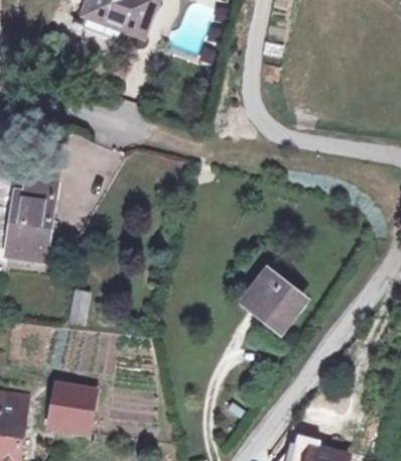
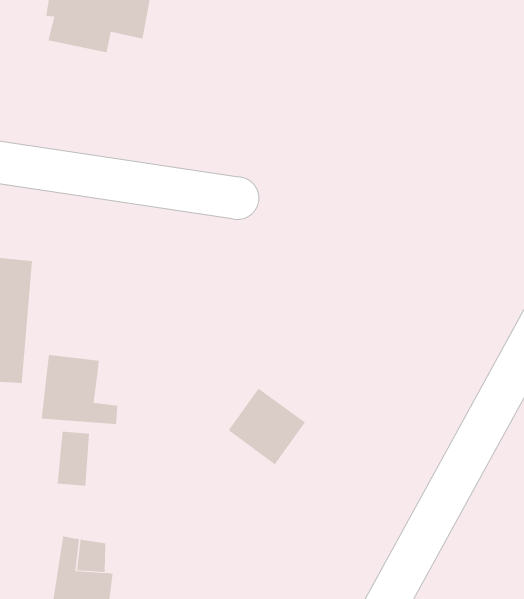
building: none -> [41,354,118,425]
building: [247,274,298,326] -> [228,388,306,465]

